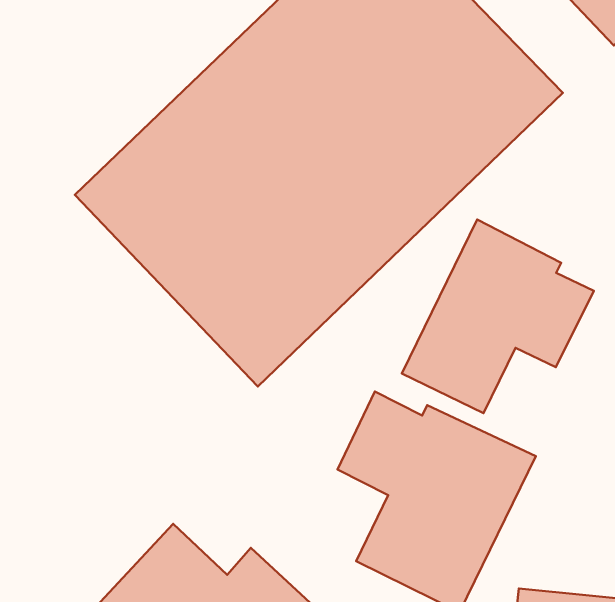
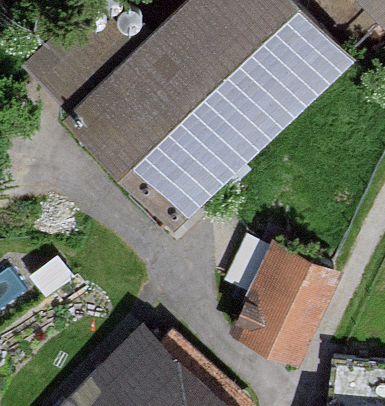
building: [402,219,594,413] -> none

